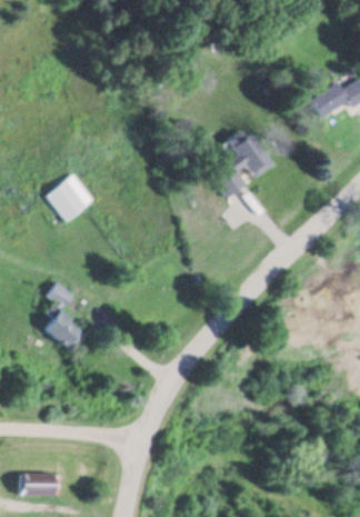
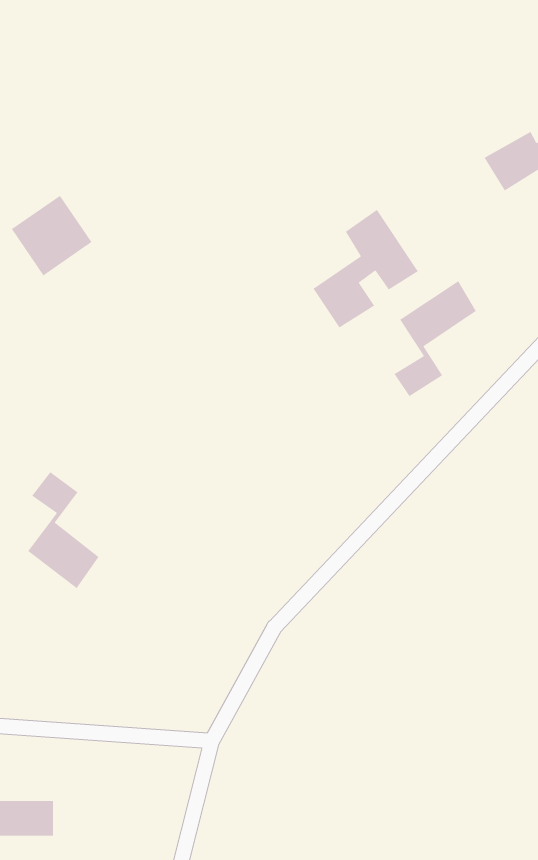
building: none -> [393,280,477,397]
building: [46,173,93,221] -> [11,195,92,277]

